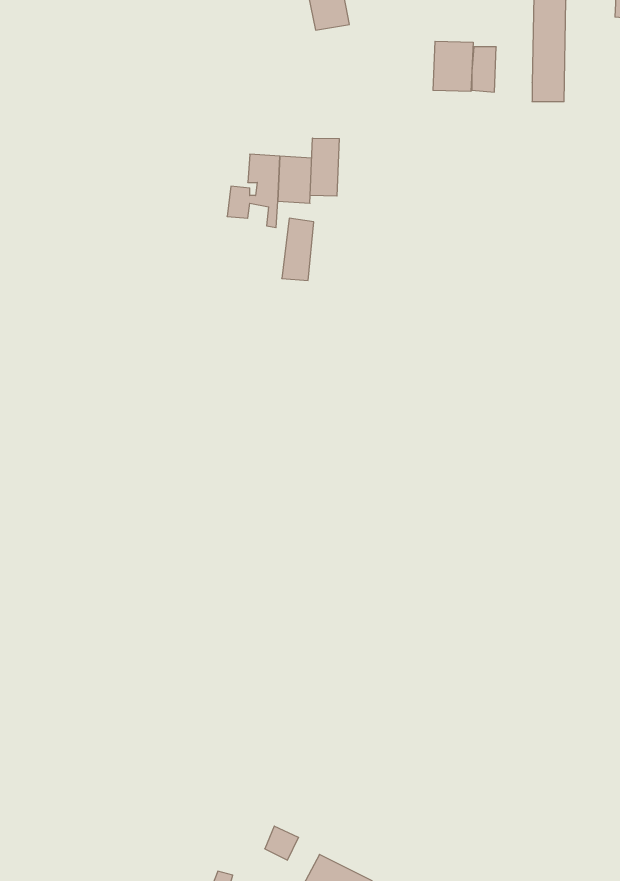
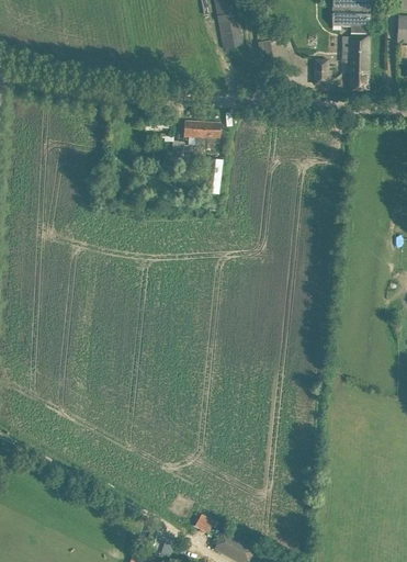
building: [433,41,473,91] -> none
building: [310,138,339,196] -> none

